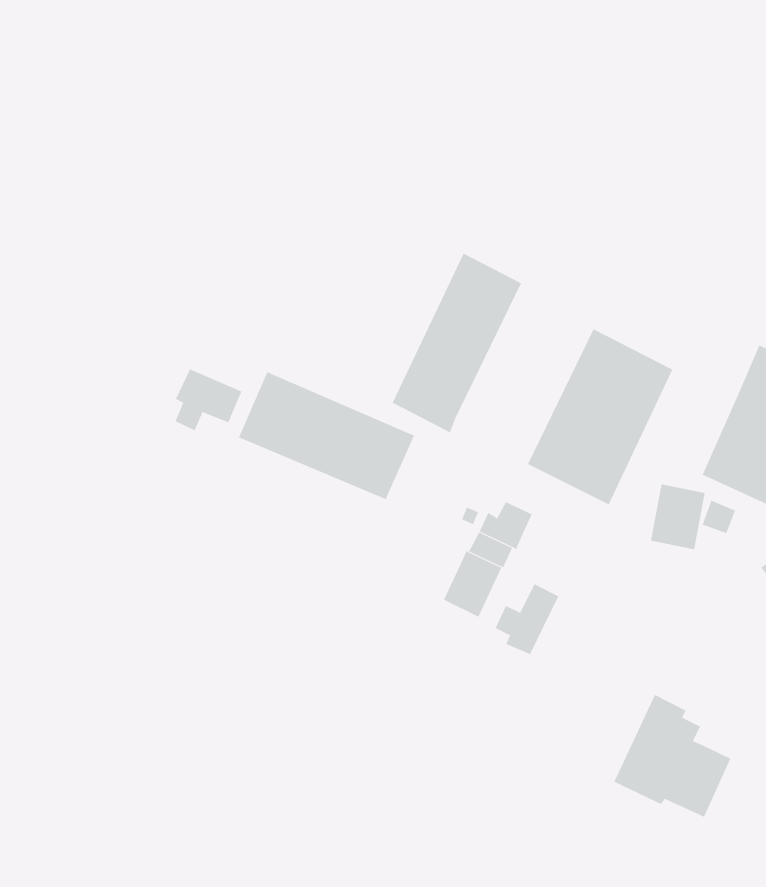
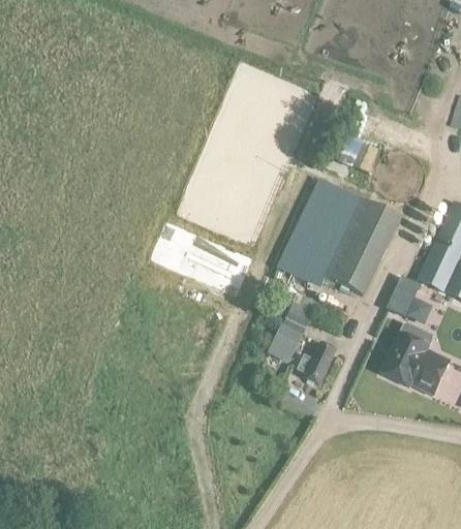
building: [392,253,522,433] -> [279,176,355,280]
building: [175,368,242,431] -> none
building: [613,694,731,817] -> [380,321,449,393]

